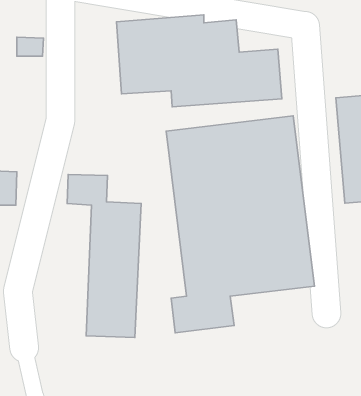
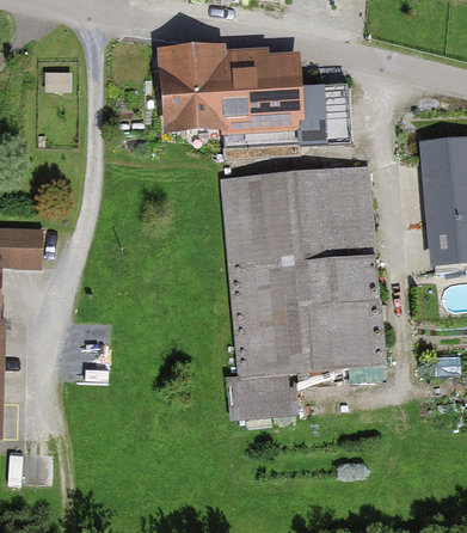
building: [67,175,141,338] -> none

